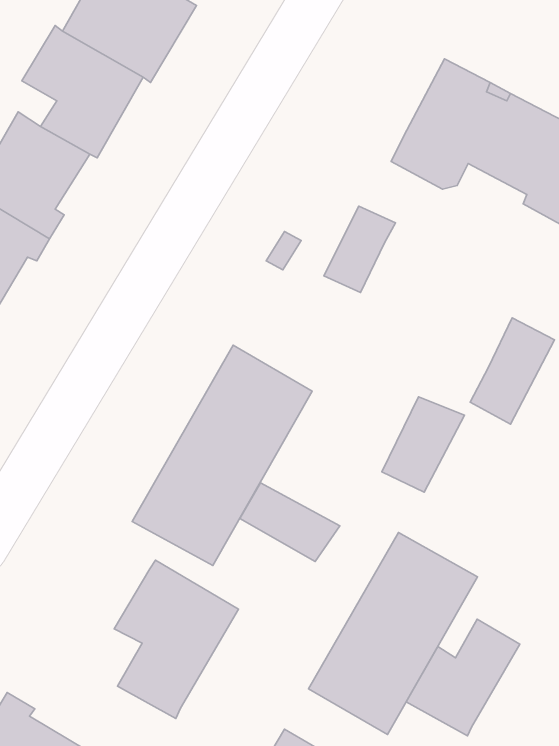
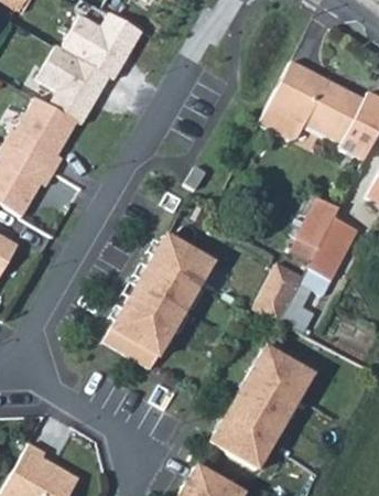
building: [324,206,395,293] -> [296,196,339,248]
building: [240,483,340,562] -> none
building: [114,560,238,719] -> none
building: [406,619,520,736] -> none

